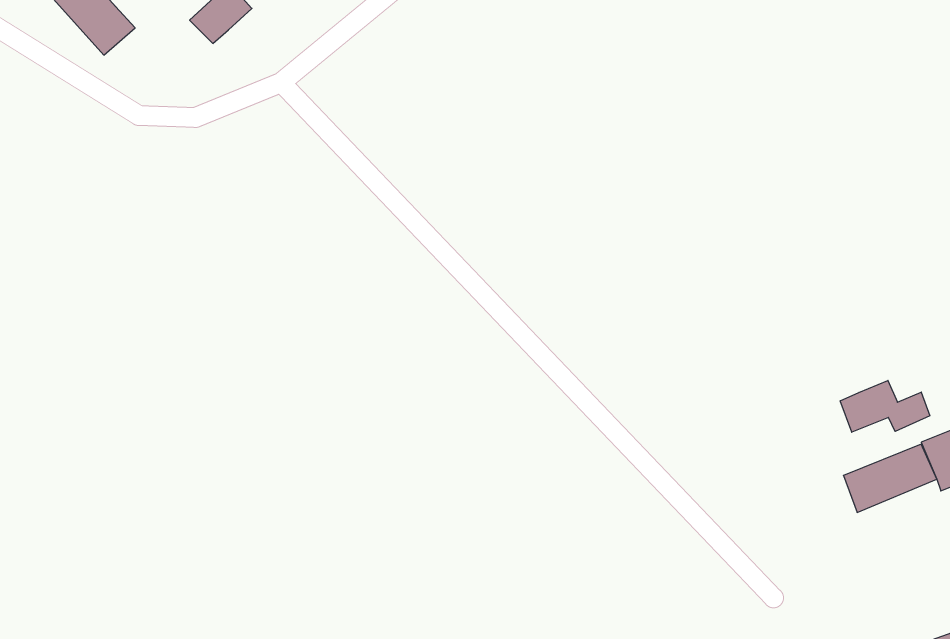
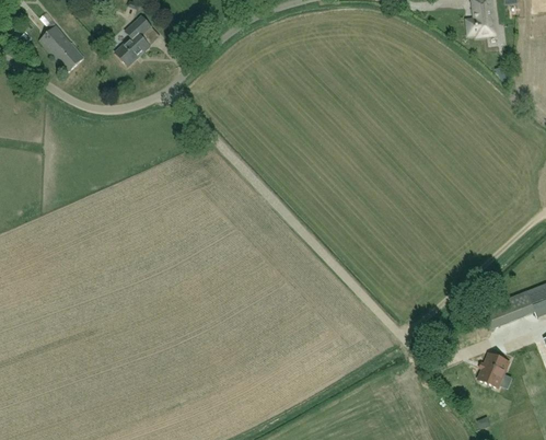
building: [840,380,930,432] -> none
building: none -> [479,352,510,386]

